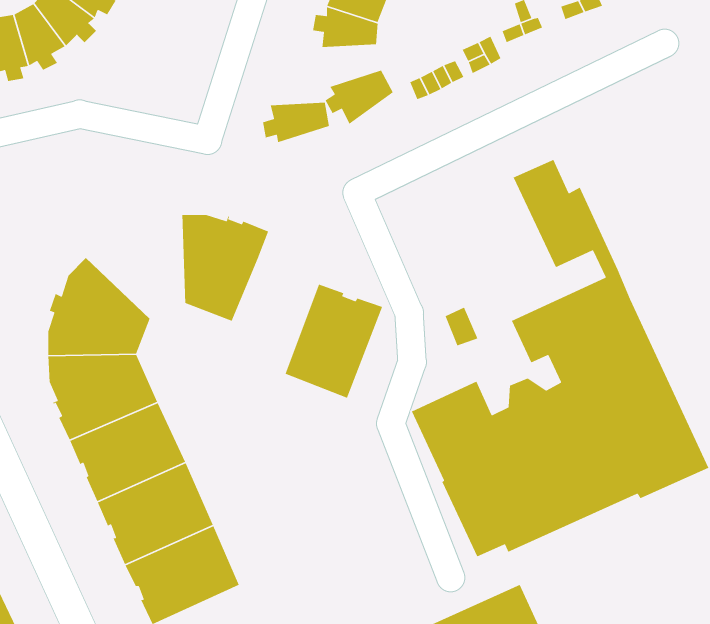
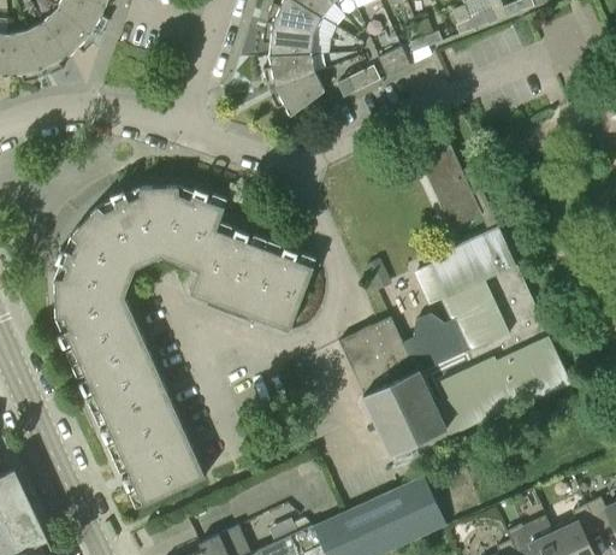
building: [262,102,330,143] -> [262,54,315,87]
building: none -> [84,187,161,268]
building: none -> [190,222,266,312]

